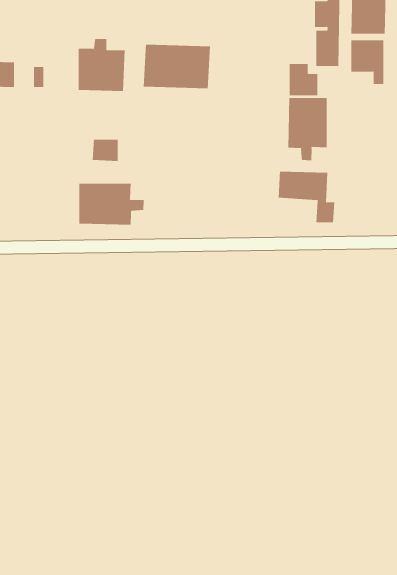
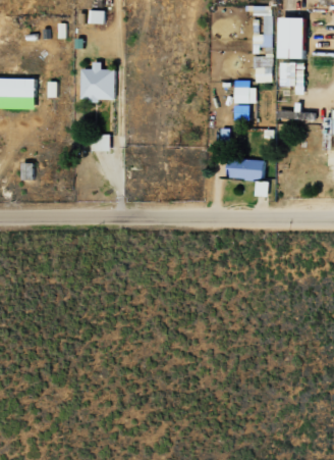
building: [143,44,211,89] -> none
building: [288,97,327,161] -> none
building: [79,183,144,225] -> none

